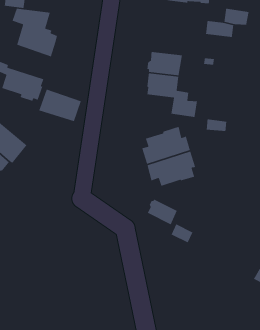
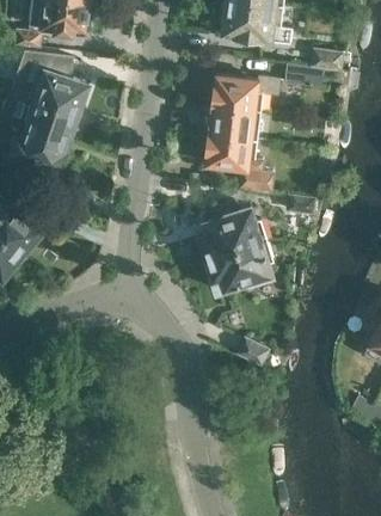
building: none -> [211,75,278,111]
building: [38,89,82,122] -> [19,98,78,143]
building: [147,199,178,226] -> none

